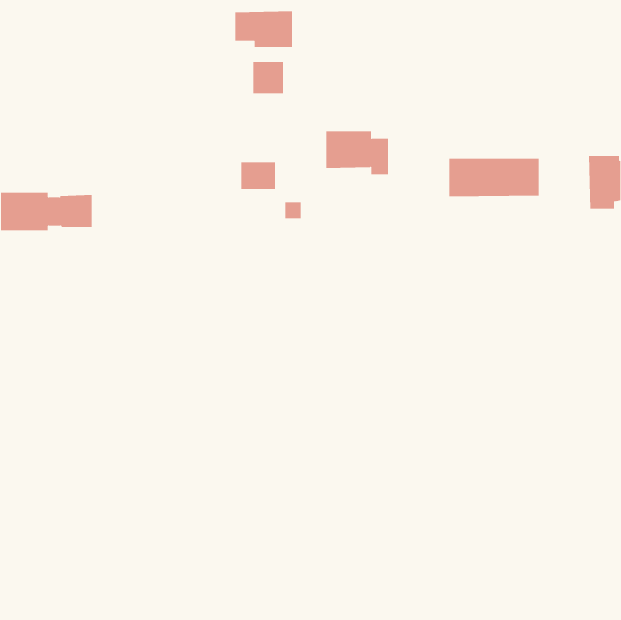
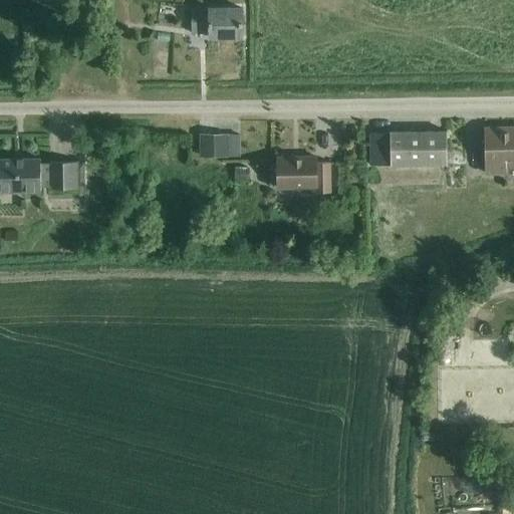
building: [253,61,283,94] -> none
building: [326,131,389,175] -> [277,157,329,193]

